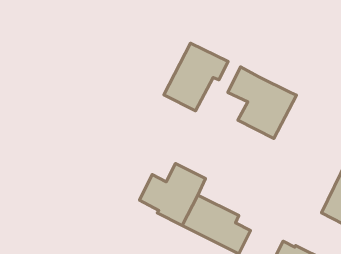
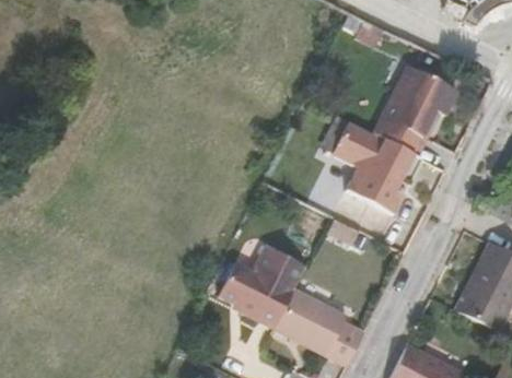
building: [164,43,228,111] -> [373,64,457,153]

